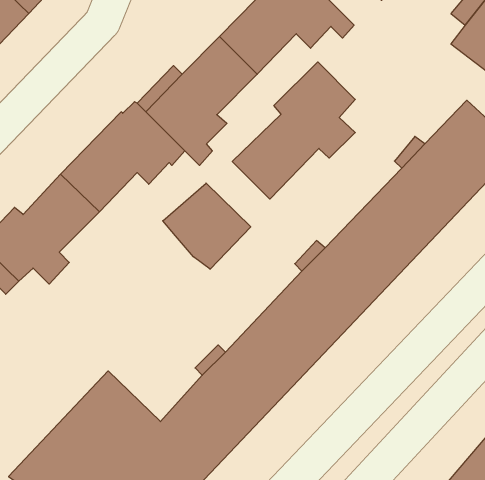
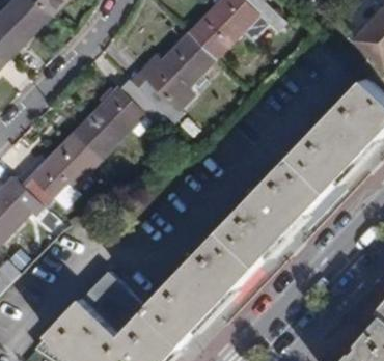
building: [232,62,355,199] -> none
building: [163,183,251,269] -> none

